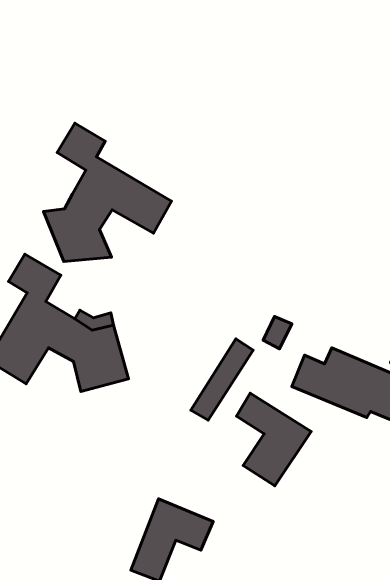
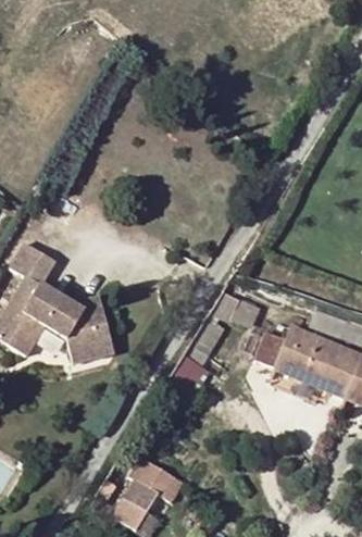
building: [44,123,172,261] -> none
building: [237,393,311,486] -> none

